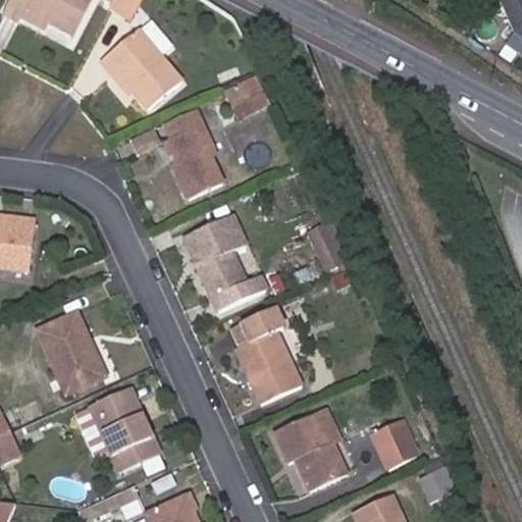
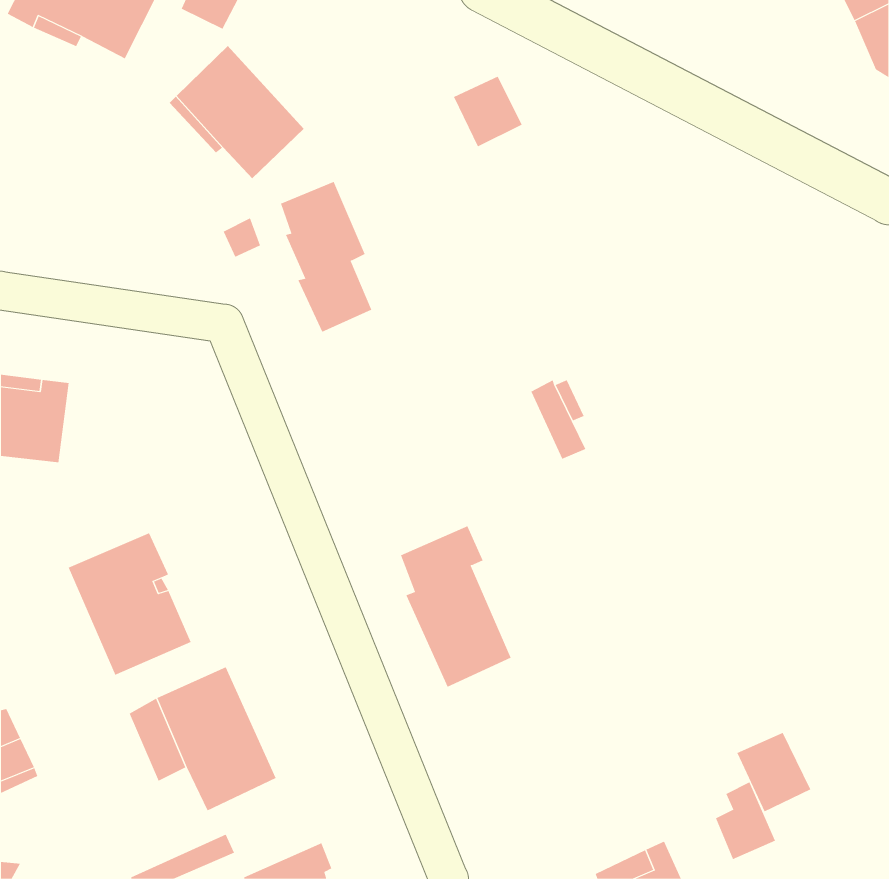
building: [223,72,264,114] -> [453,76,523,147]
building: [184,212,266,311] -> none
building: [275,417,343,491] -> none
building: [373,421,417,468] -> [736,732,811,812]

